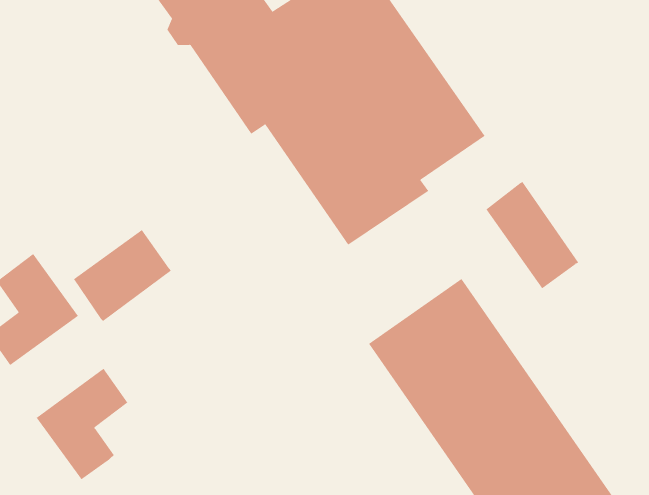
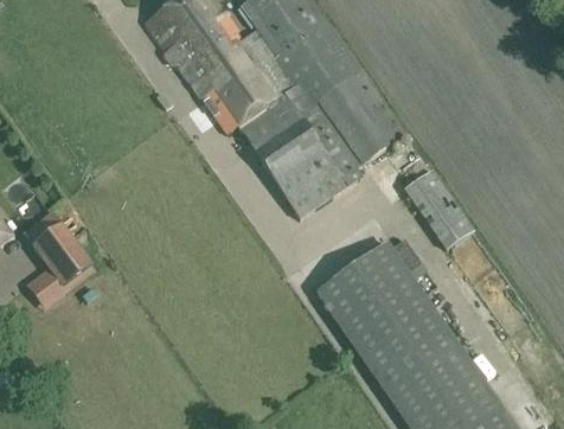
building: [73,229,172,322] -> none
building: [36,368,128,480] -> none

